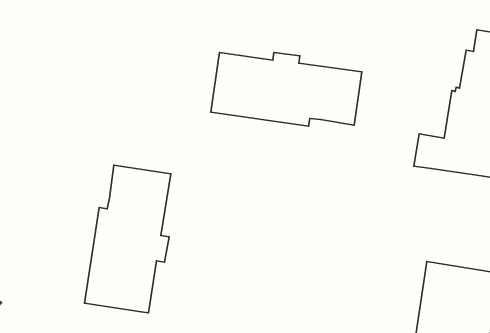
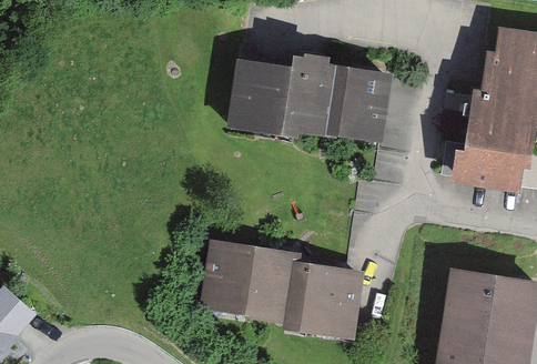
building: [84,165,171,313] -> none
building: none -> [205,245,358,330]

